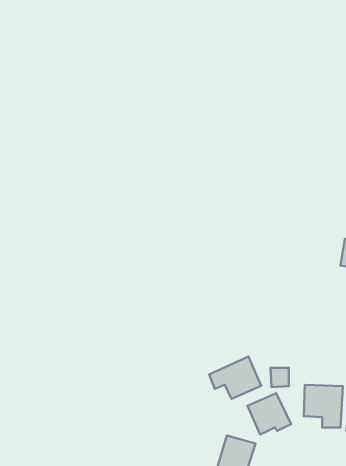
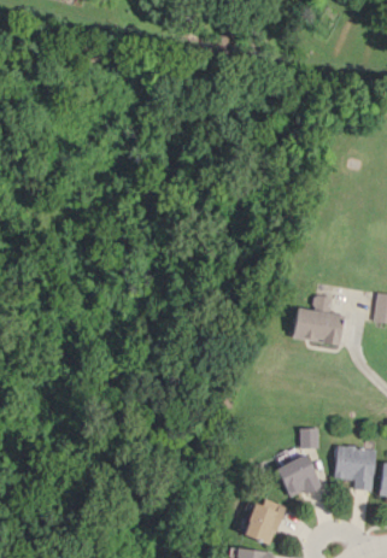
building: none -> [291,295,342,345]
building: [209,356,261,399] -> none

